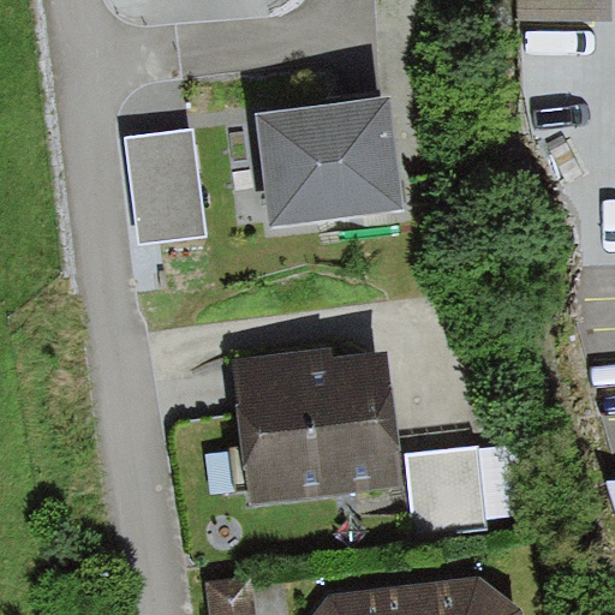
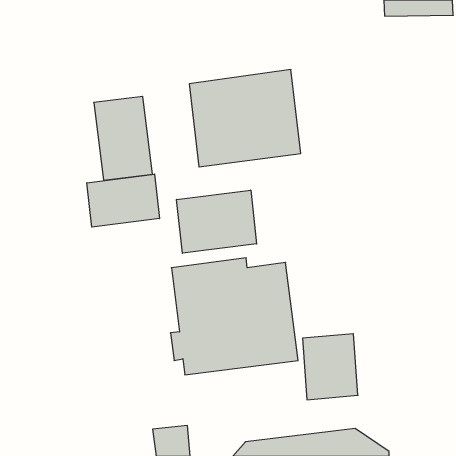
building: none -> [87,174,159,227]
building: none -> [177,190,257,253]

